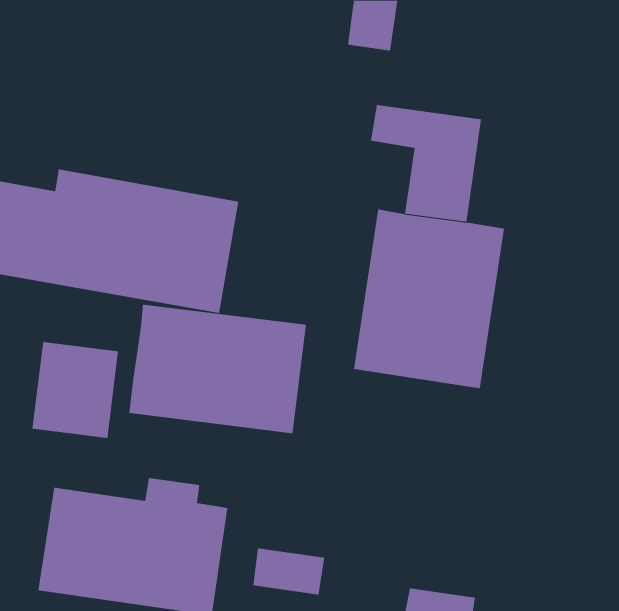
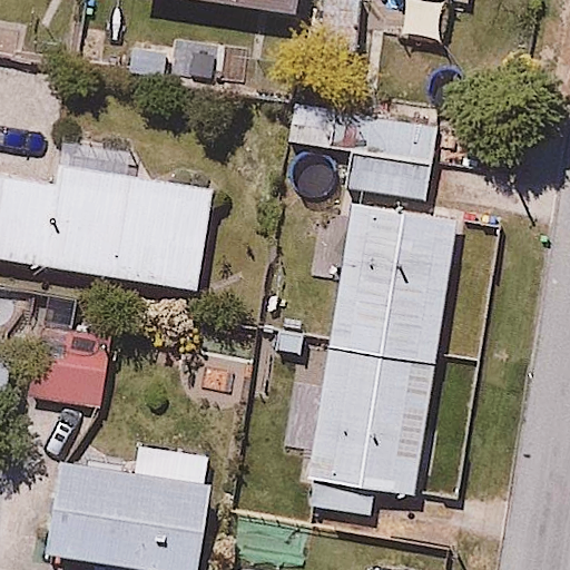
building: [129,304,306,434] -> none
building: none -> [301,347,441,515]

